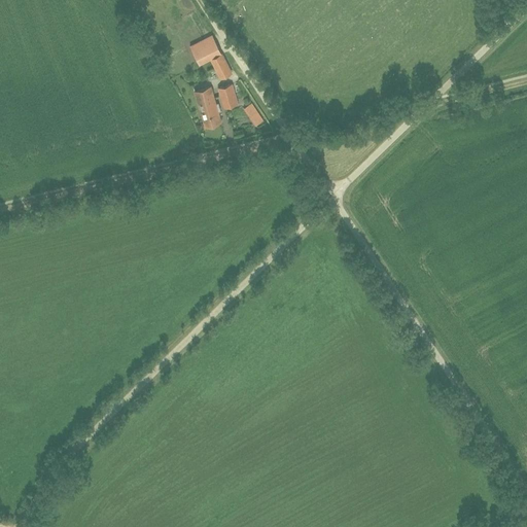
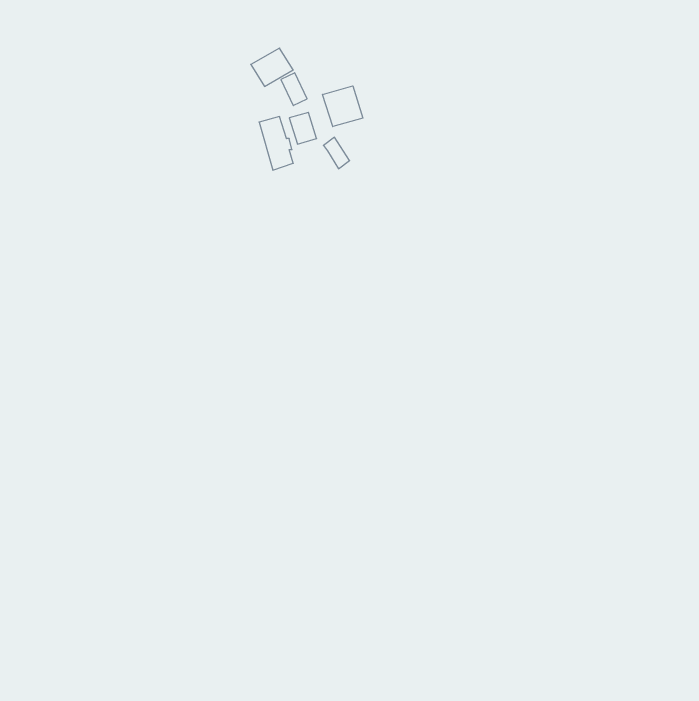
building: none -> [323,86,363,127]

